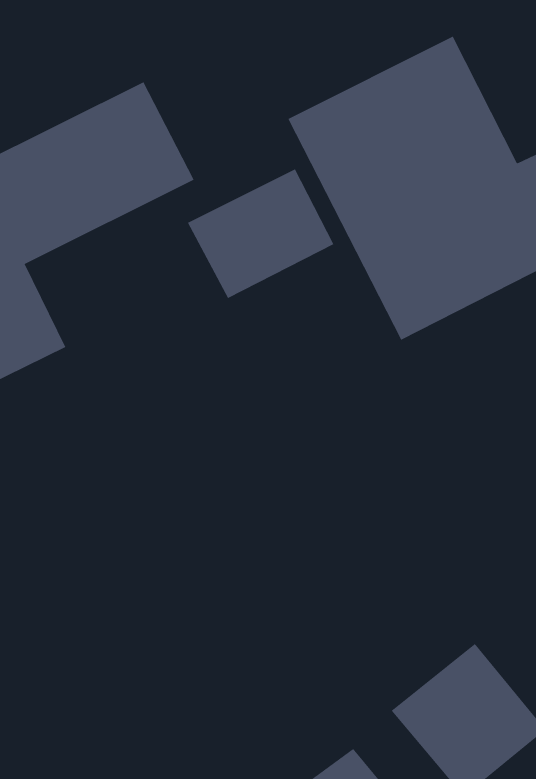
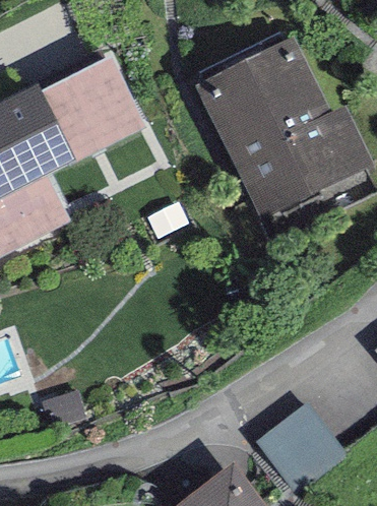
building: [187,169,334,299] -> none

